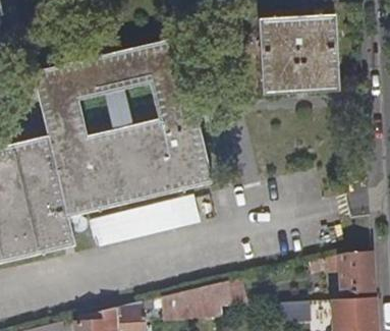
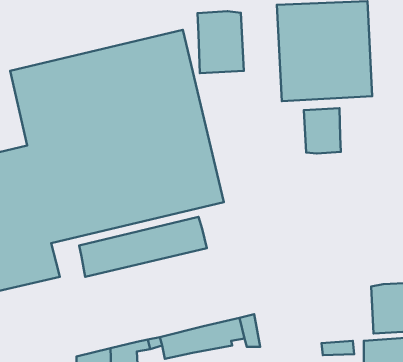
building: none -> [198,11,244,73]
building: none -> [304,108,341,153]

